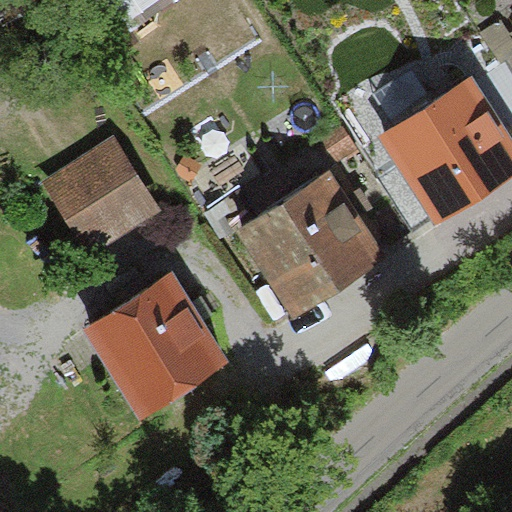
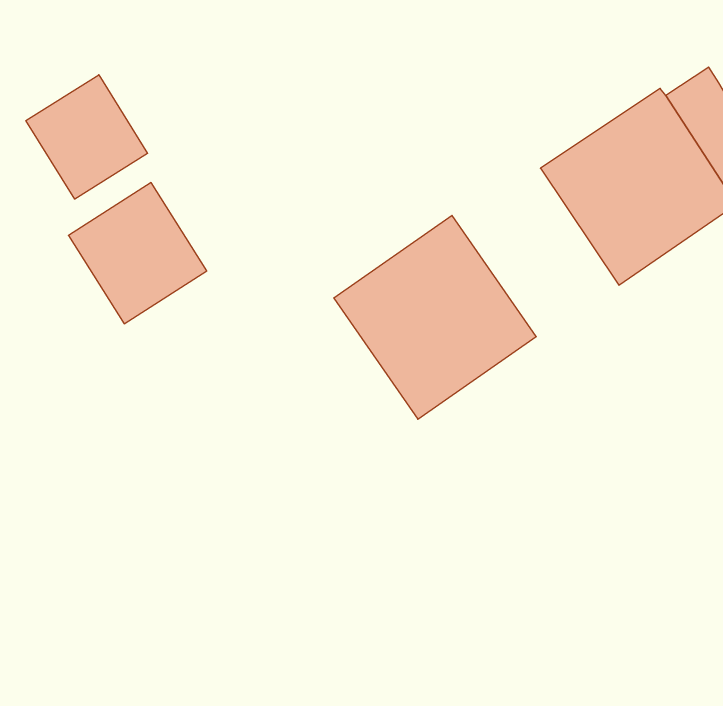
building: none -> [26,75,148,199]
building: [87,275,222,410] -> none

